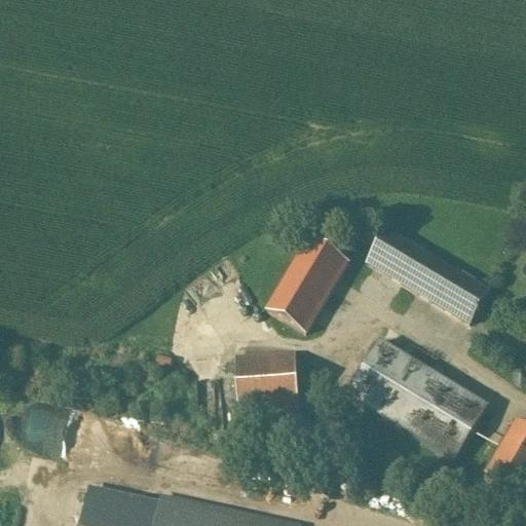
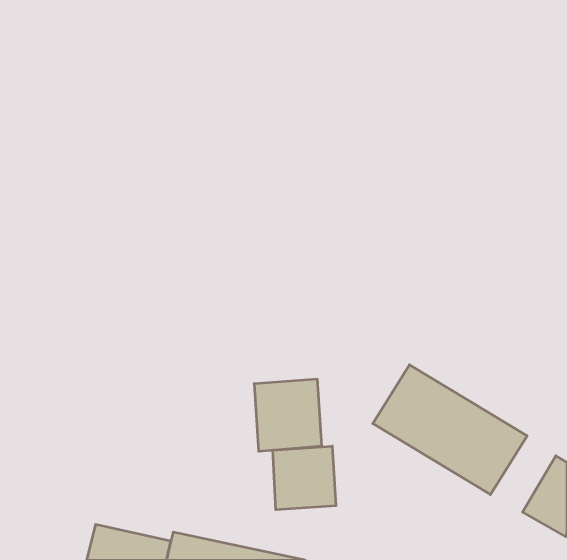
building: [366,227,488,322] -> none
building: [266,237,347,331] -> none
building: none -> [273,446,336,510]

